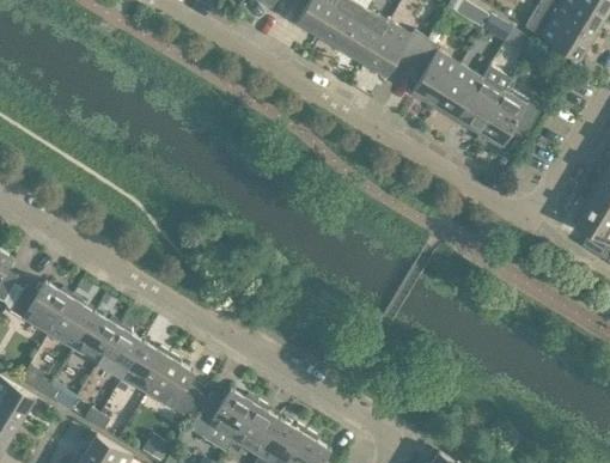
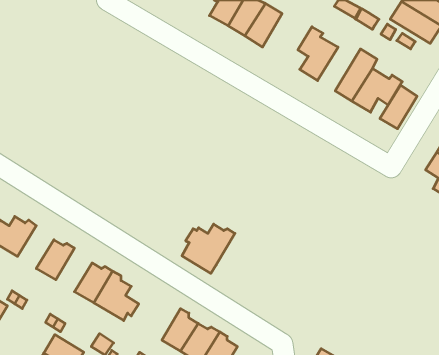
building: [362,20,426,77] -> none
building: [433,63,481,120] -> [380,85,417,129]
building: [48,293,94,348] -> none
building: [97,322,144,378] -> none
building: [189,388,257,451] -> [182,224,235,273]

